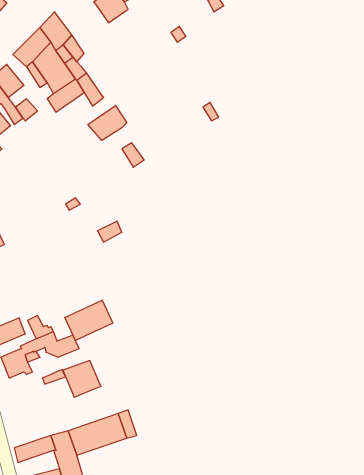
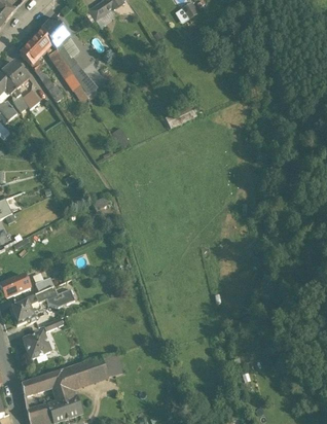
building: [88,105,127,140] -> none
building: [65,300,113,341] -> none
building: [63,361,101,397] -> [21,329,52,360]

